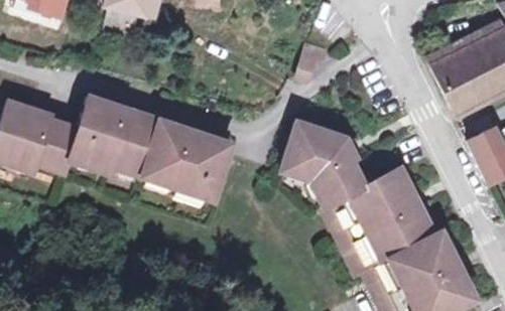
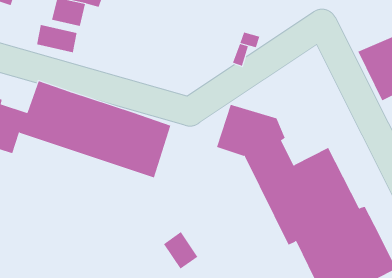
building: none -> [37,24,77,53]
building: none -> [163,231,198,270]

